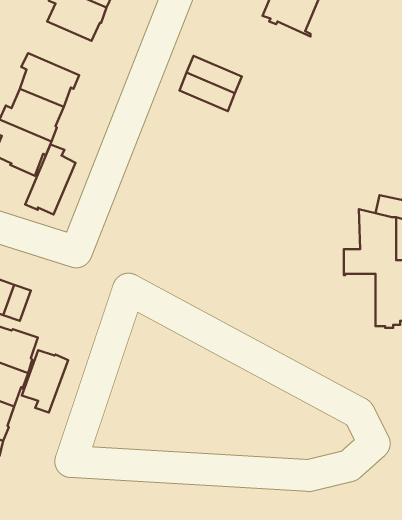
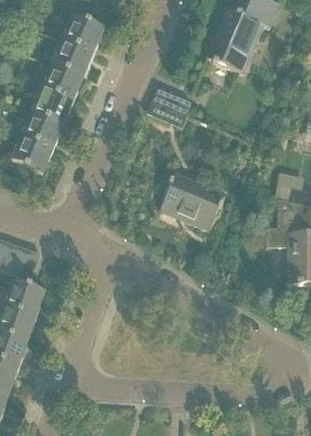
building: none -> [37,61,83,100]
building: [25,145,76,214] -> none
building: none -> [160,173,224,229]
building: [22,350,68,412] -> none

